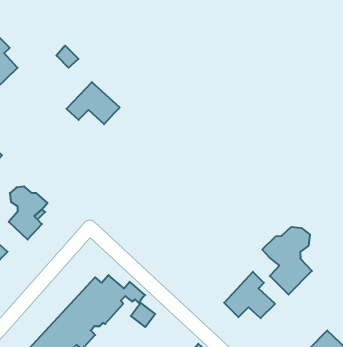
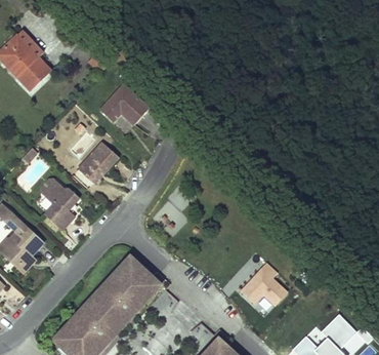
building: none -> [76,142,118,184]
building: [262,227,312,295] -> none

